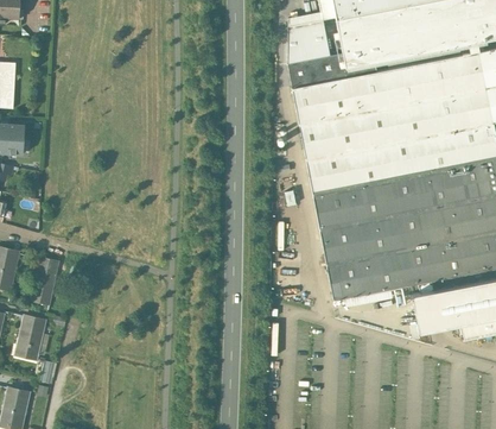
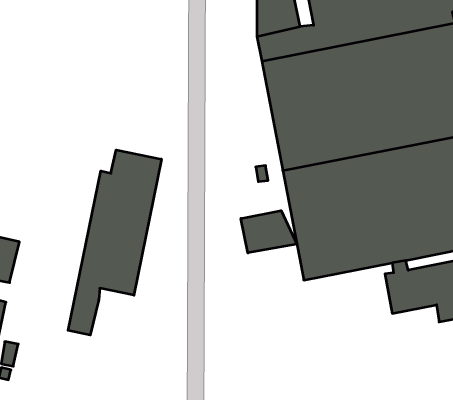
building: none -> [68,150,161,335]
building: none -> [241,211,297,253]

